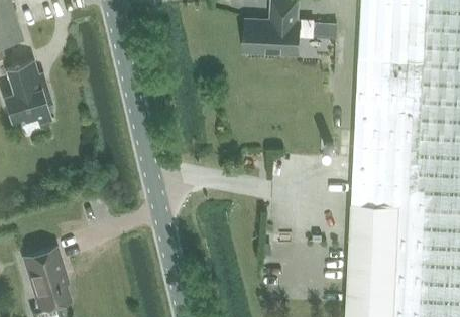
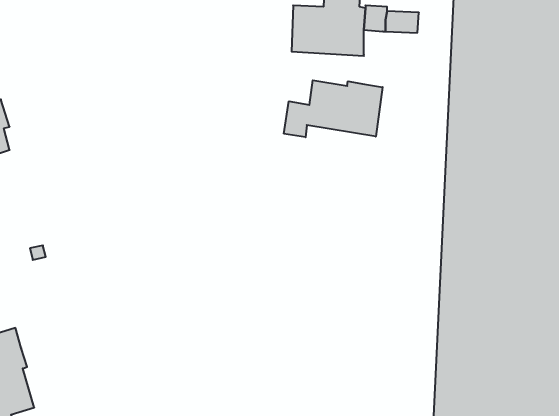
building: none -> [284,80,383,137]

